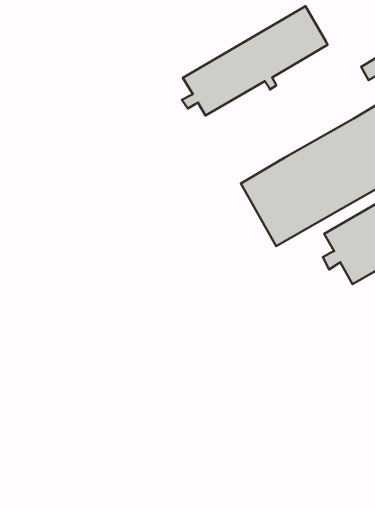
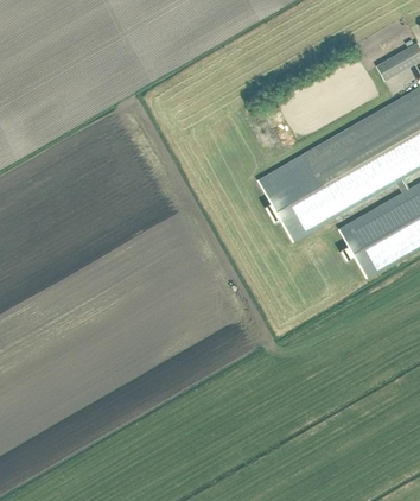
building: [182,6,328,116] -> none

